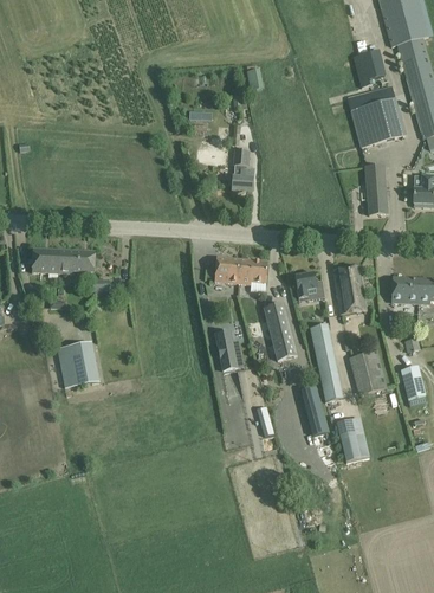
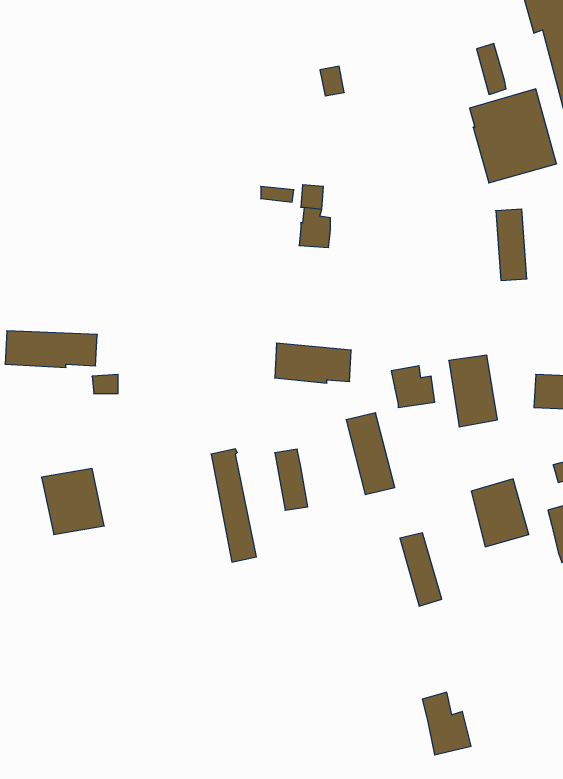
building: [311,323,342,400] -> [211,449,256,562]
building: [337,419,370,462] -> [422,692,471,755]

